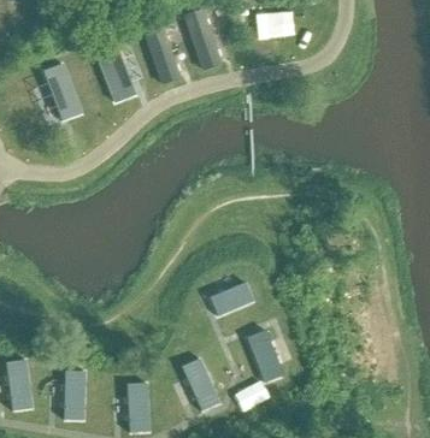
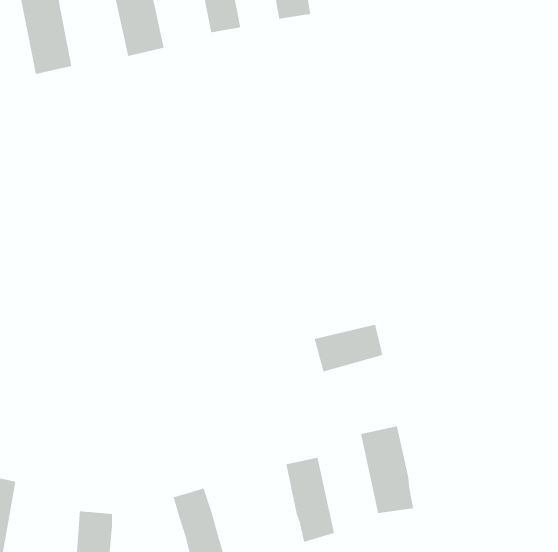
building: [210,282,253,315] -> [314,324,383,372]
building: none -> [360,425,414,514]

